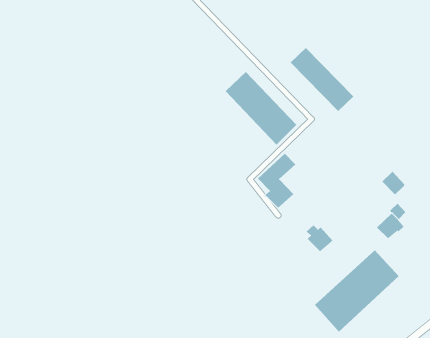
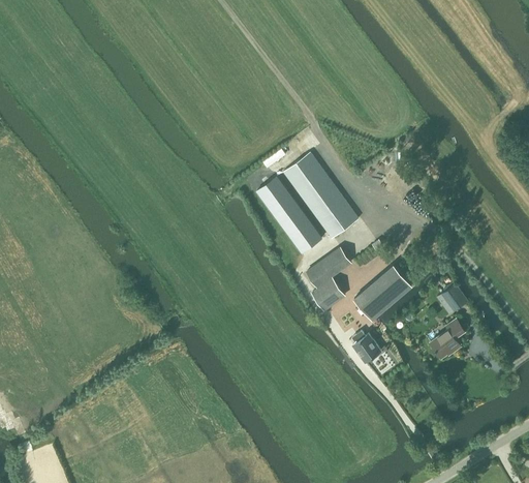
building: [290,47,354,112] -> [256,177,321,252]
building: none -> [355,266,411,321]
building: [314,250,400,333] -> none

